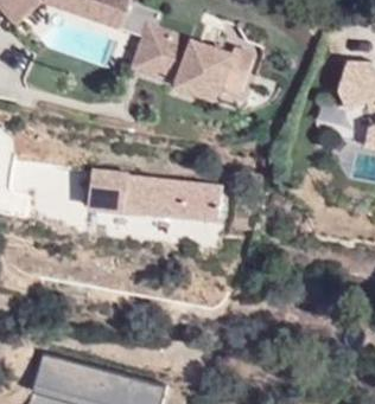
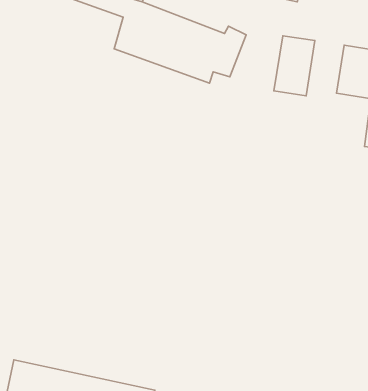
building: none -> [274,36,315,96]
building: [93,166,227,217] -> none

